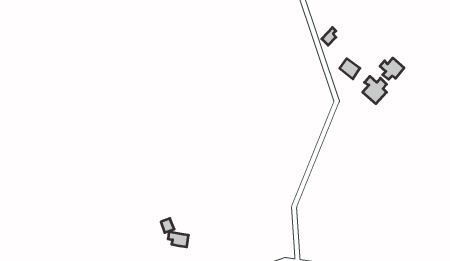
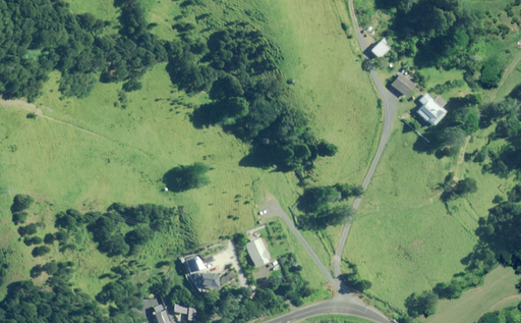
building: [380,58,404,79] -> none
building: none -> [245,236,271,270]

